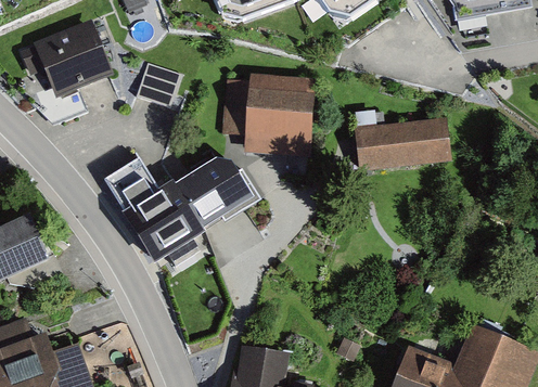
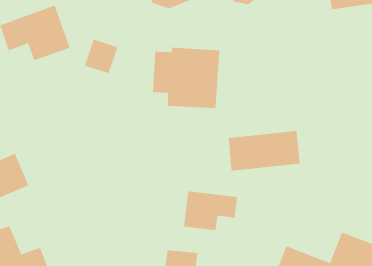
building: [350,119,448,173] -> [228,131,301,171]
building: [101,159,251,269] -> none
building: none -> [183,191,237,231]

